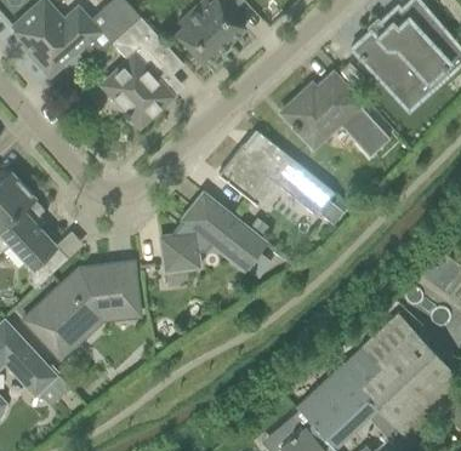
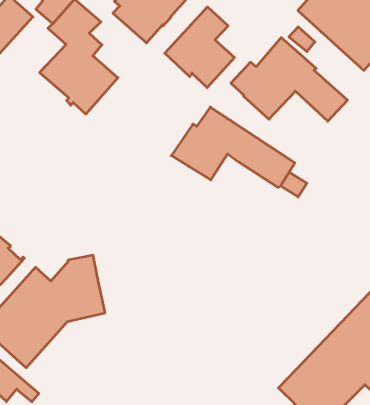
building: none -> [165,7,234,88]
building: [160,193,266,273] -> none

